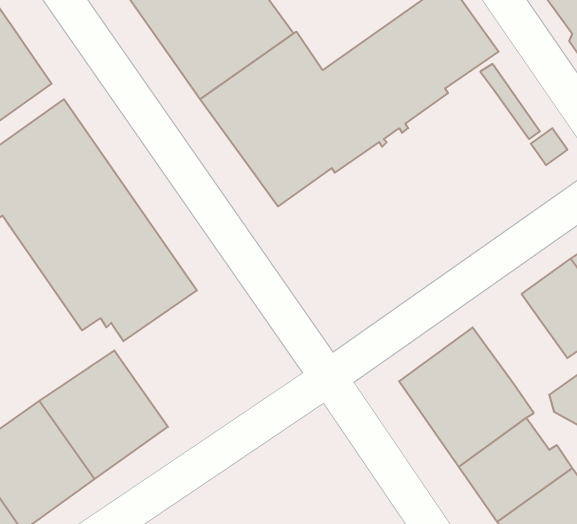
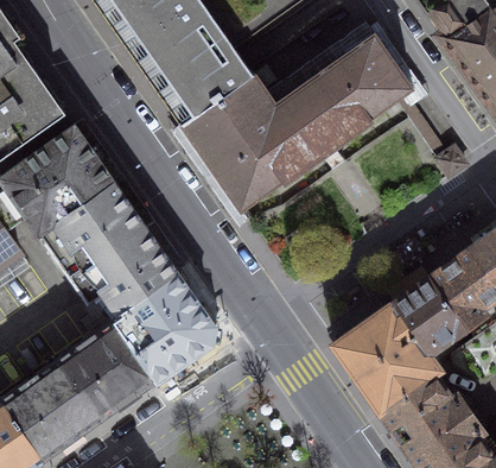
building: none -> [113,274,215,382]
building: none -> [392,277,465,347]

